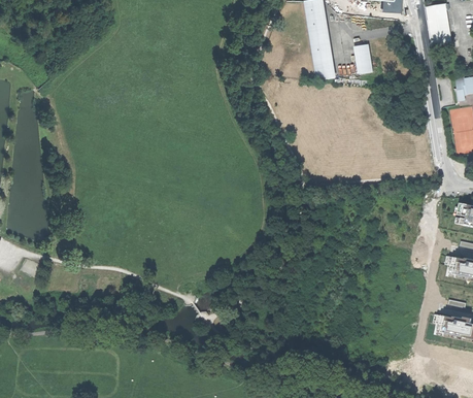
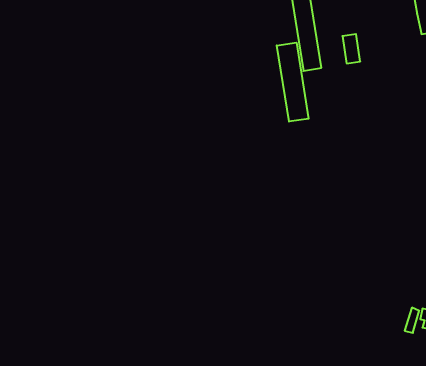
building: none -> [277,43,309,122]

